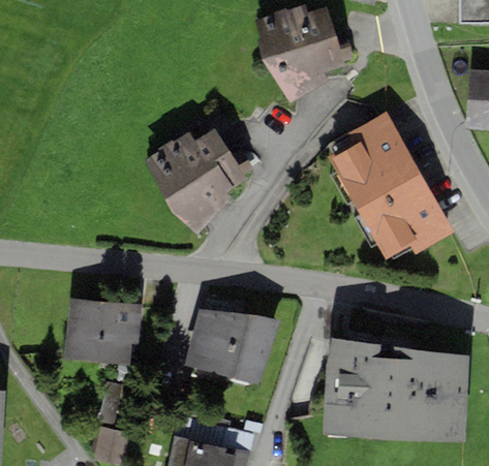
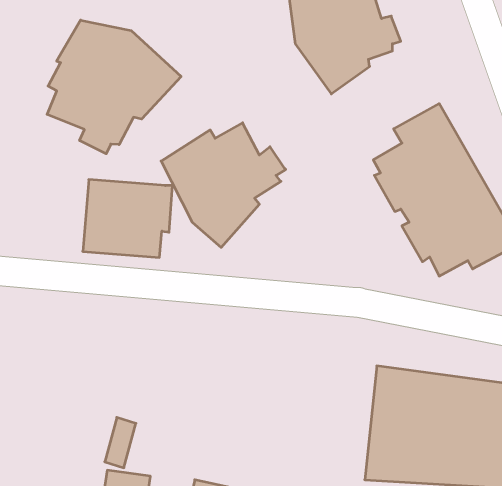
building: none -> [47,20,181,154]
building: [64,298,142,365] -> [83,180,173,257]
building: [184,309,280,385] -> none

